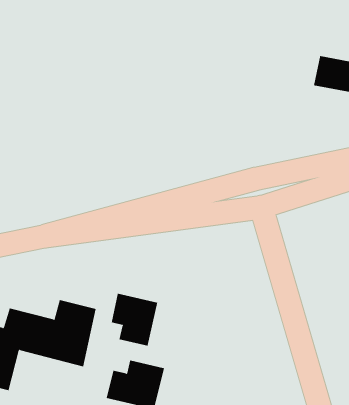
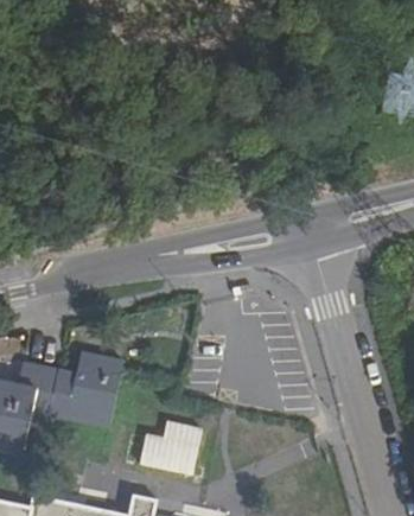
building: [111,293,158,347] -> none

